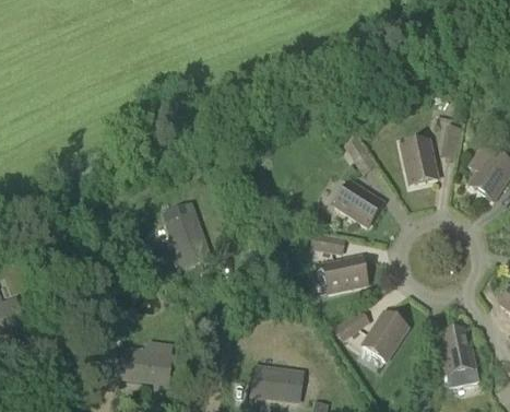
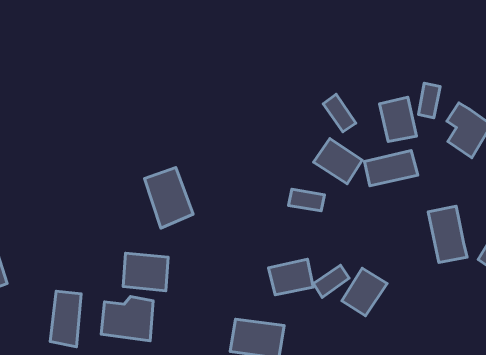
building: none -> [364,151,418,186]
building: [322,256,367,292] -> [269,259,313,295]
building: none -> [123,253,168,291]
building: [439,329,478,386] -> [428,206,467,263]
building: none -> [50,291,81,347]

